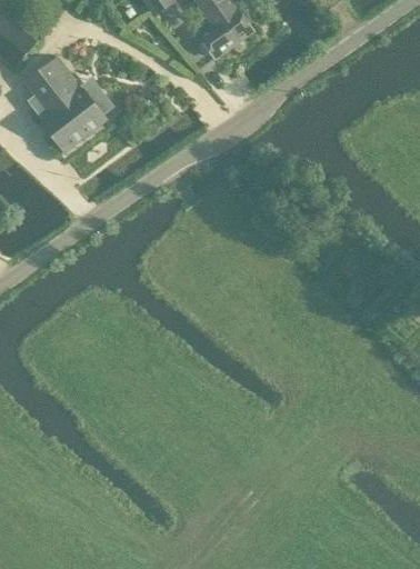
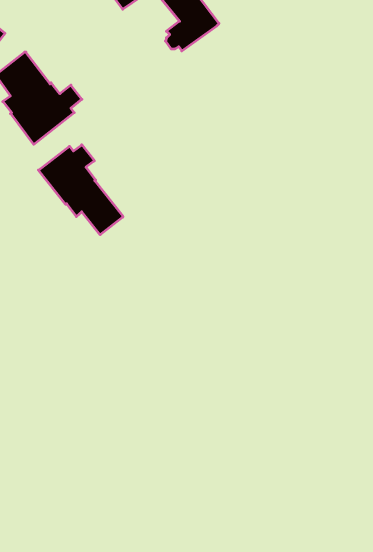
building: none -> [38,145,123,235]

